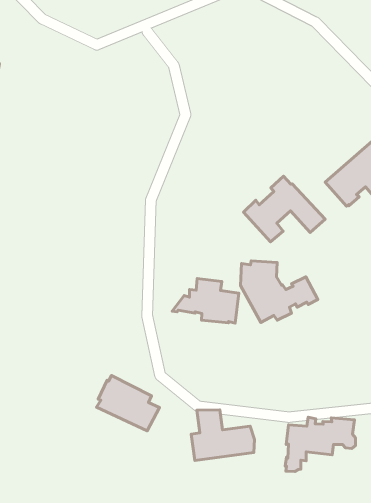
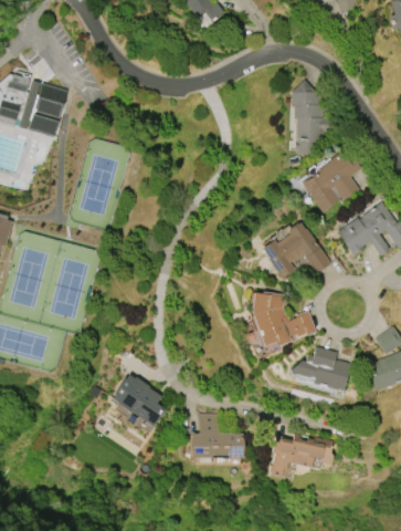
building: none -> [292,80,334,155]
building: none -> [302,152,362,212]
building: [172,278,239,323] -> [289,346,349,389]

